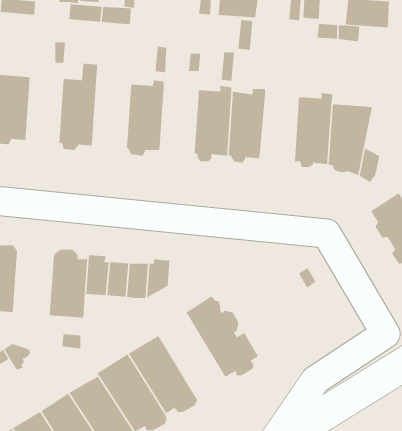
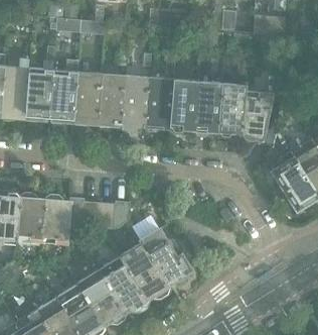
building: none -> [24,72,50,122]
building: none -> [71,72,99,126]
building: none -> [120,76,147,129]
building: none -> [191,81,218,136]
building: none -> [15,193,43,242]
building: none -> [119,243,168,300]

